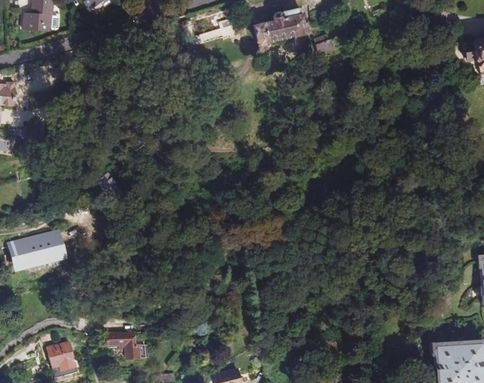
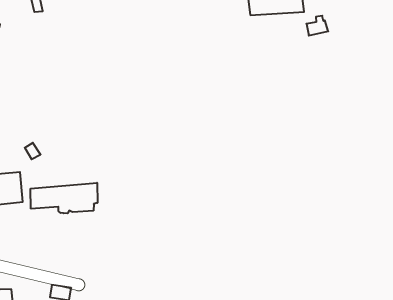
building: none -> [31,183,97,213]

